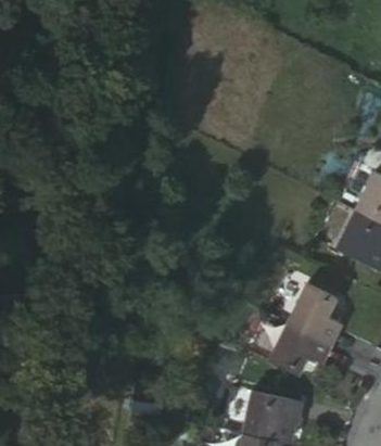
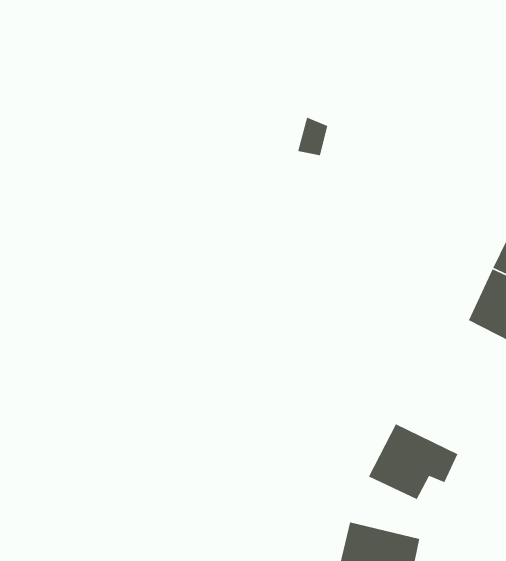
building: [287,282,342,343] -> none

